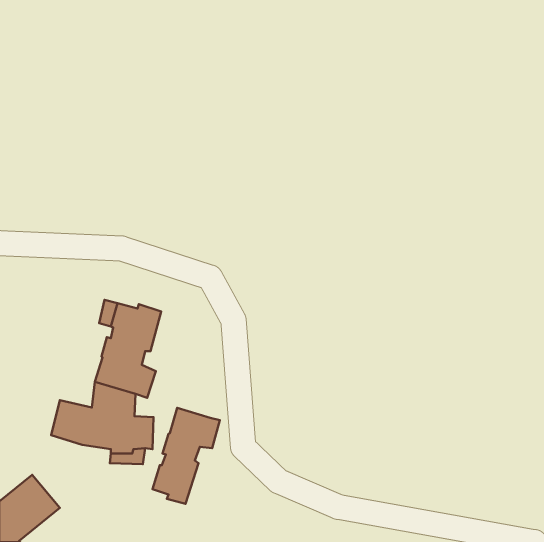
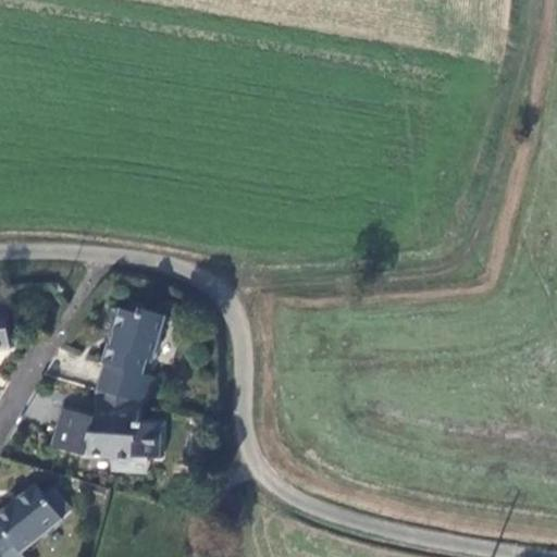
building: [152,408,220,504] -> none

